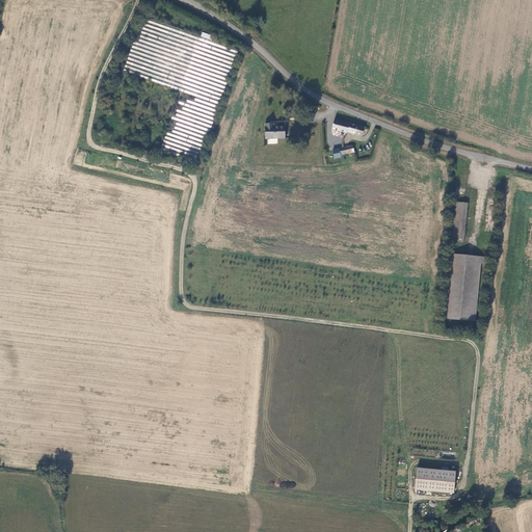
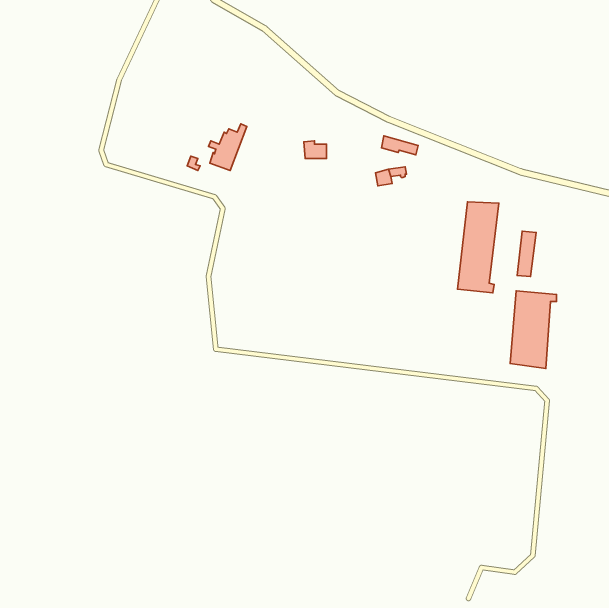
building: none -> [458,202,499,293]
building: [415,468,456,493] -> none

